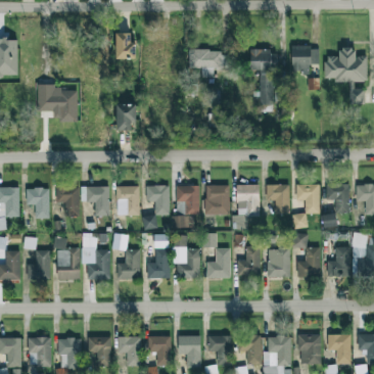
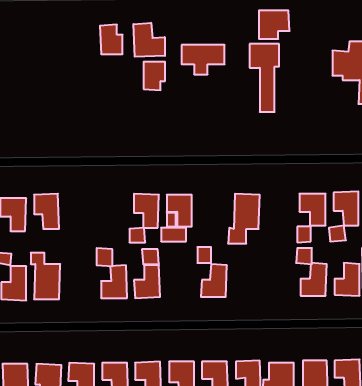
building: none -> [133,23,165,57]
building: [291,46,319,72] -> [259,10,290,39]
building: [37,86,77,122] -> none
building: [116,104,136,130] -> [144,62,165,90]
building: [204,184,229,214] -> none
building: [265,184,289,213] -> none
building: [115,185,139,215] -> none
building: [81,186,109,216] -> none
building: [81,233,109,279] -> none
building: [172,234,199,277] -> none
building: [236,246,260,277] -> none
building: [268,248,289,277] -> none

